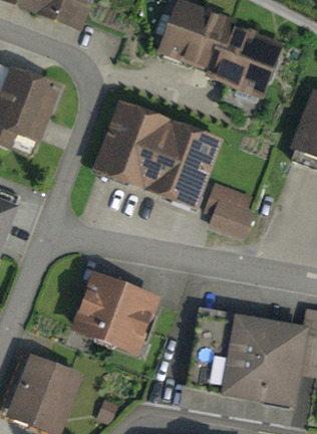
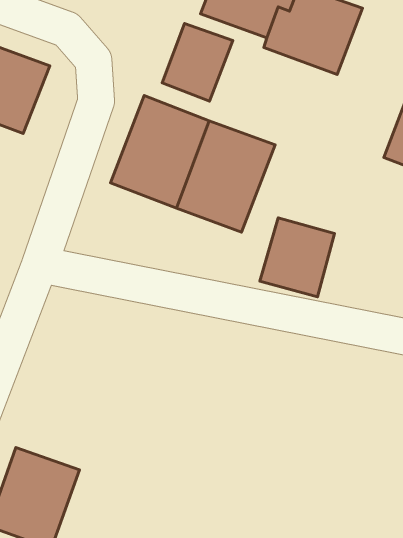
building: none -> [162,23,233,101]
building: [78,278,148,344] -> none
building: [225,319,301,396] -> none

